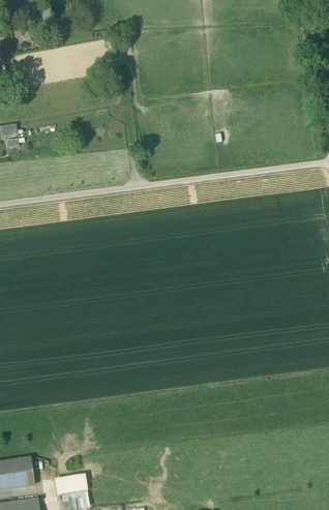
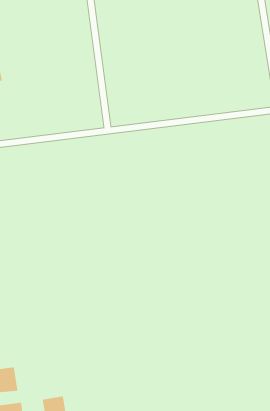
building: [52,473,86,496] -> none

